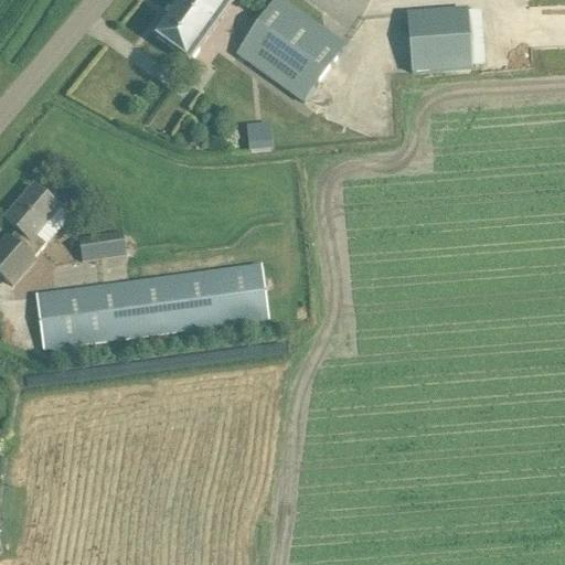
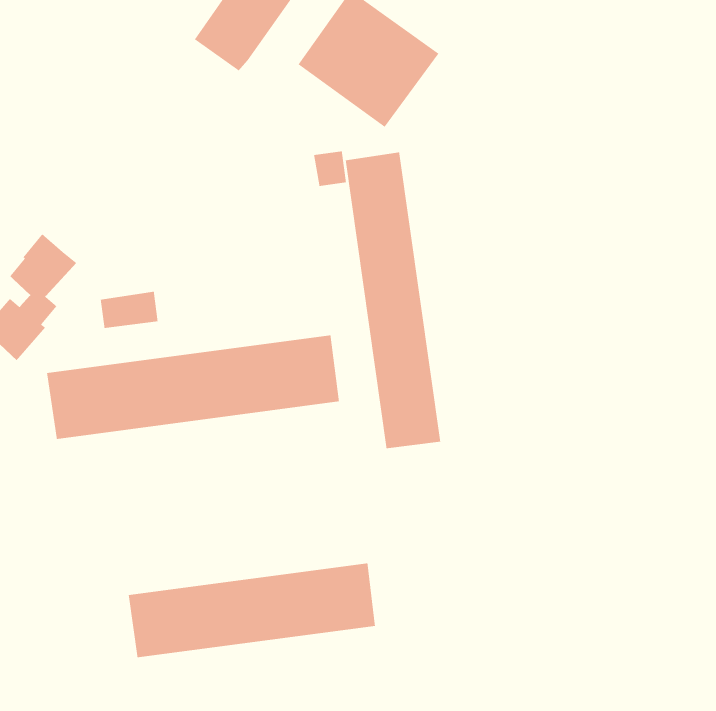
building: [406,6,472,71] -> none
building: none -> [345,152,441,449]
building: none -> [128,563,376,658]

